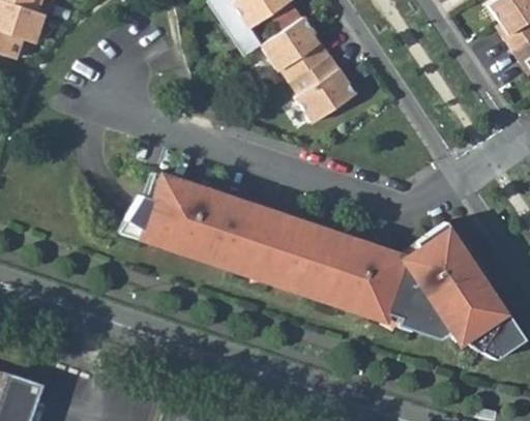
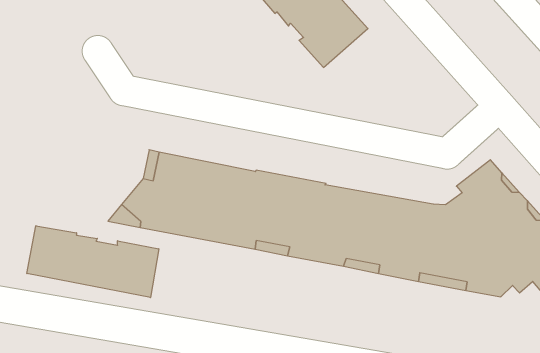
building: none -> [27,226,159,298]

